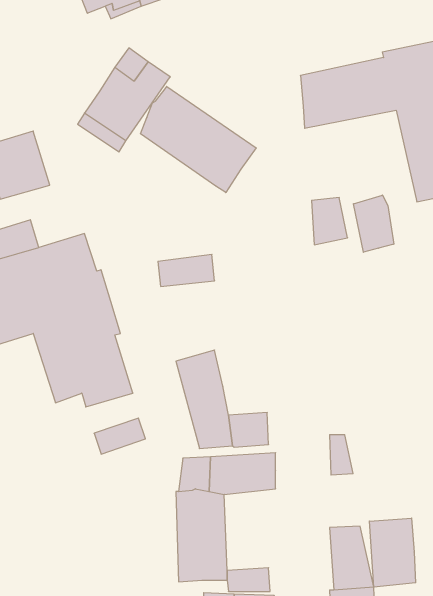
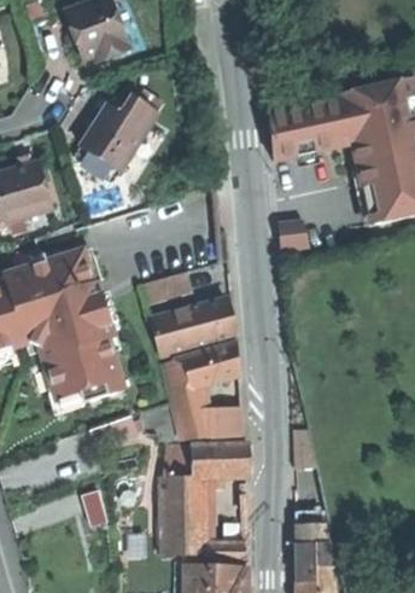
building: [141,86,256,193] -> none
building: [353,195,394,252] -> none
building: none -> [150,298,235,355]
building: none -> [194,342,238,384]
building: [369,518,416,587] -> none

